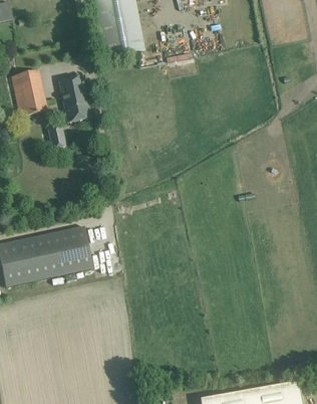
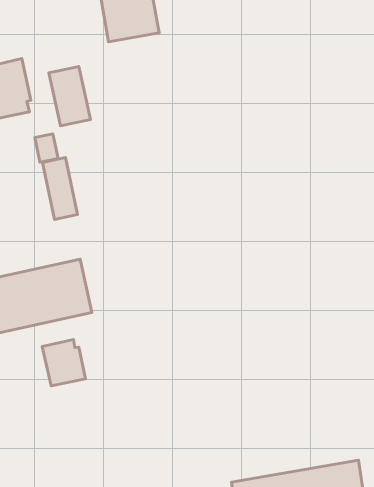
building: none -> [42,157,77,220]
building: none -> [42,340,85,386]

